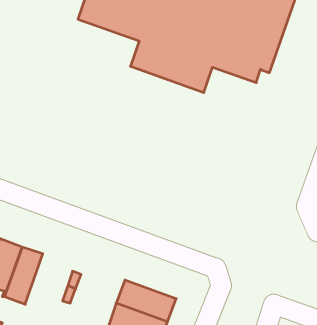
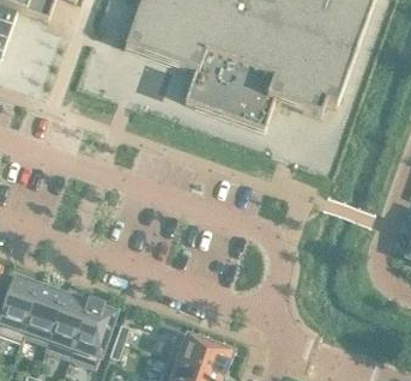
building: none -> [67,302,113,367]

